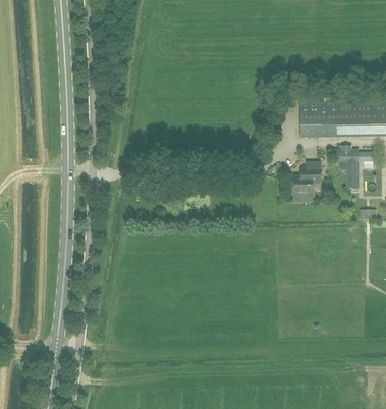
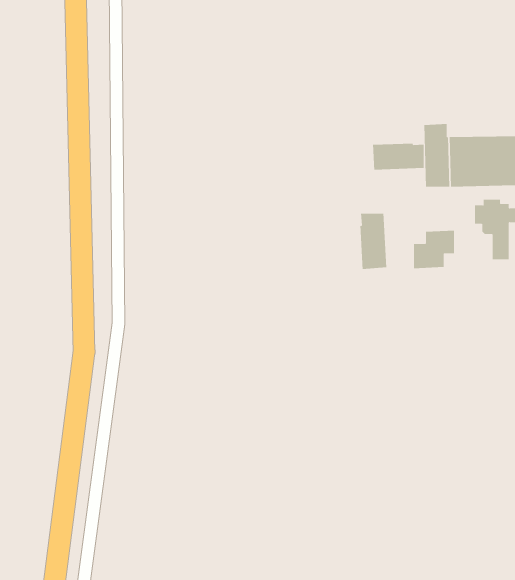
building: none -> [372,143,424,170]
building: none -> [360,213,387,270]

